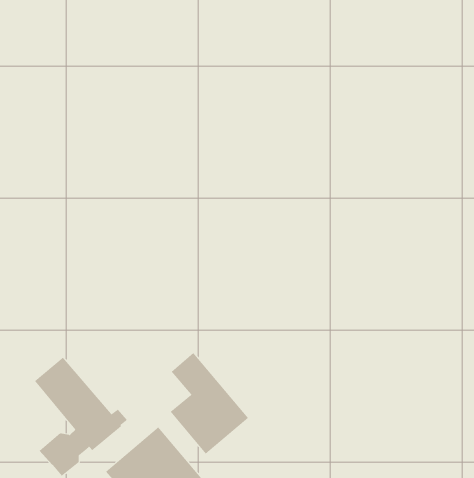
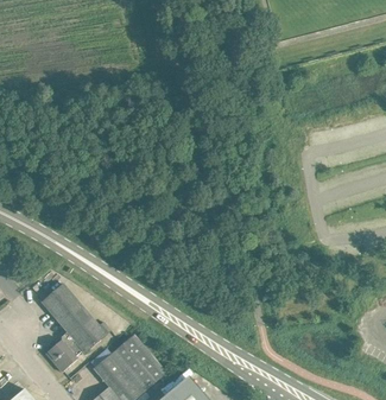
building: [170,352,249,454] -> none

